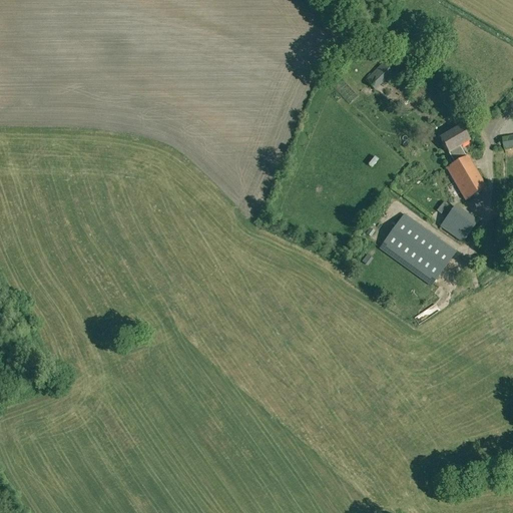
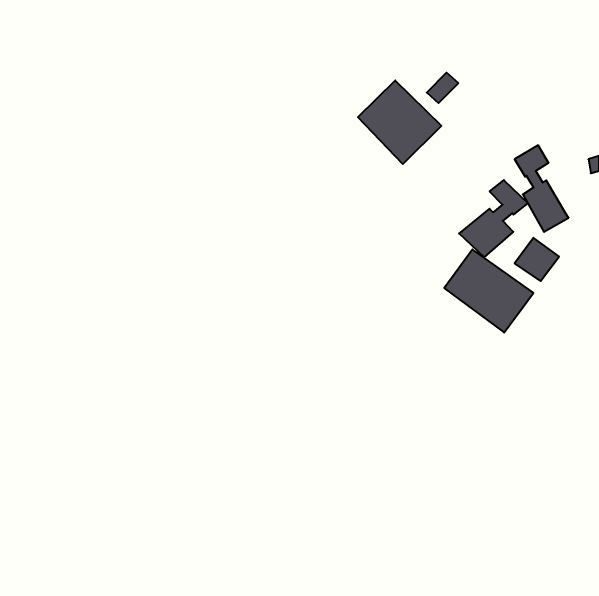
building: none -> [358,80,441,164]
building: none -> [459,180,528,257]

